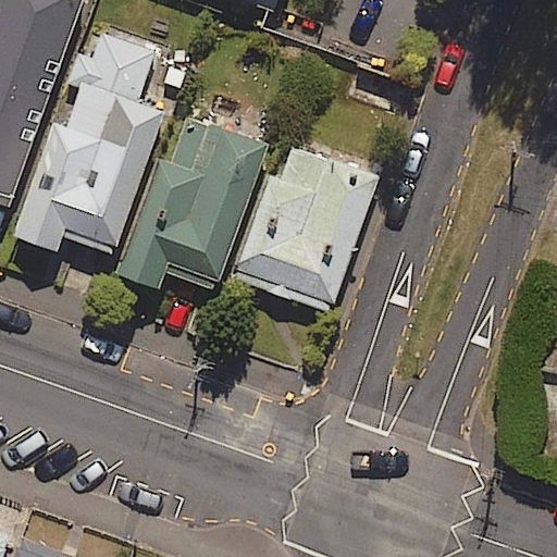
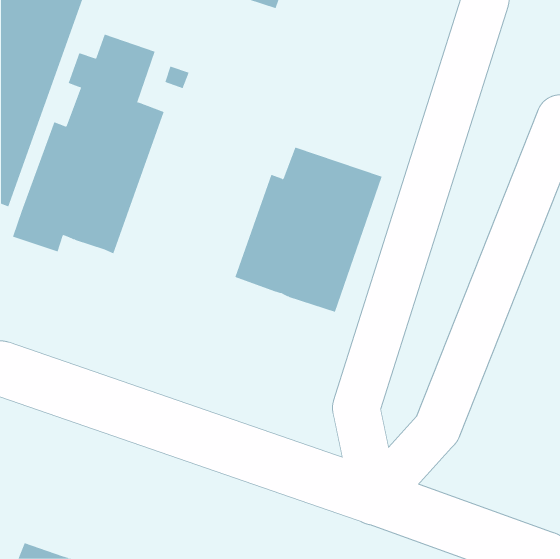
building: [115,116,267,288] -> none

